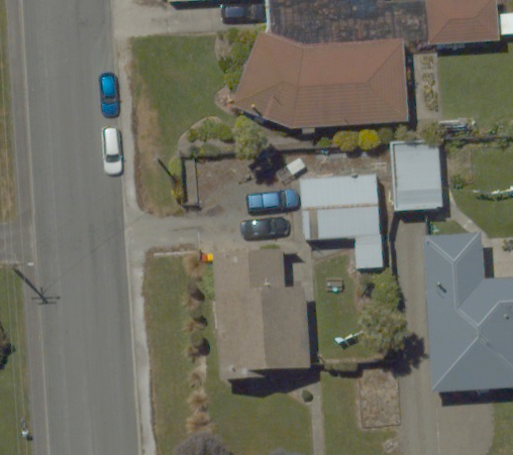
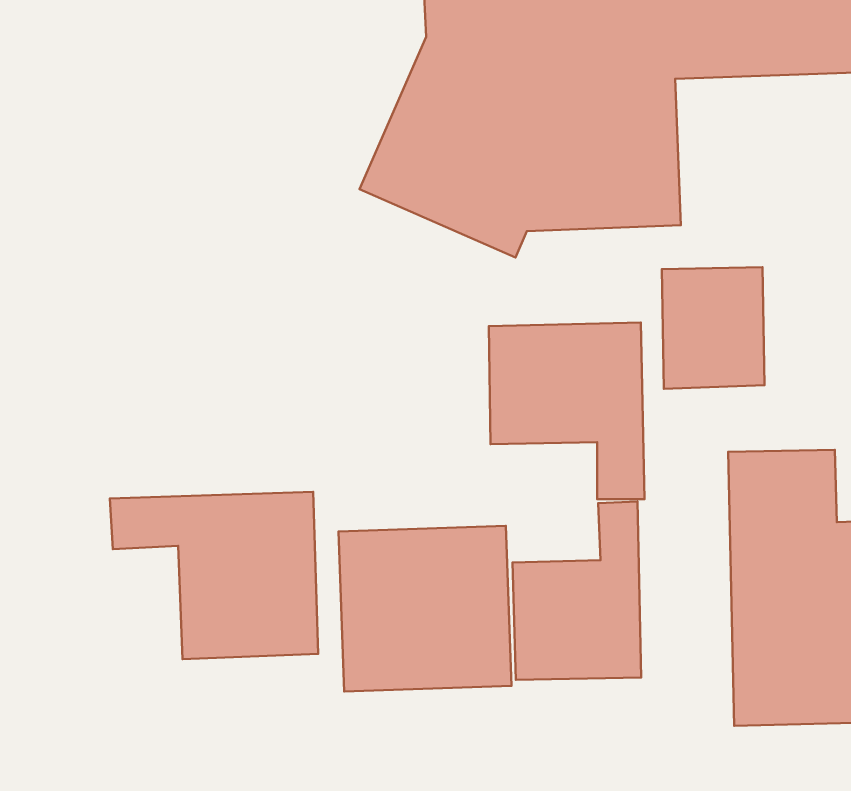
building: none -> [110,492,318,659]
building: none -> [513,501,641,680]

